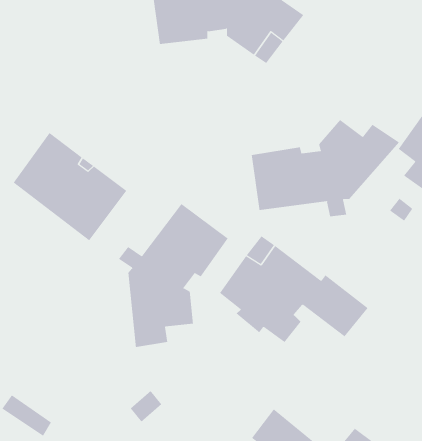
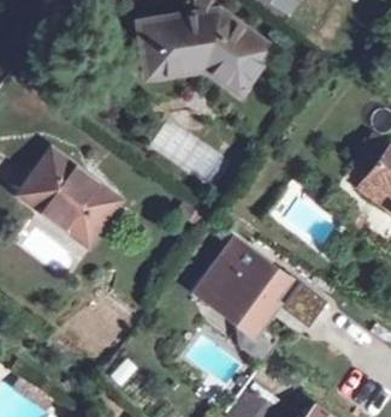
building: [251,119,400,217] -> none
building: [118,203,229,348] -> none

